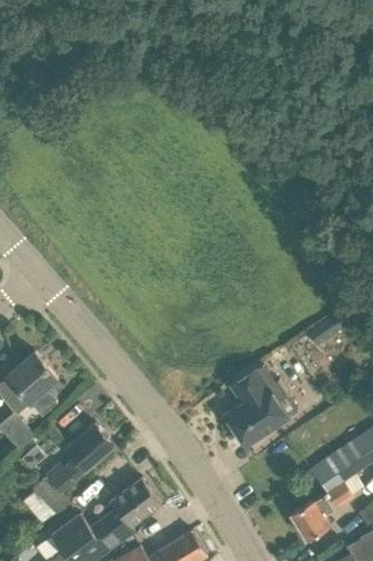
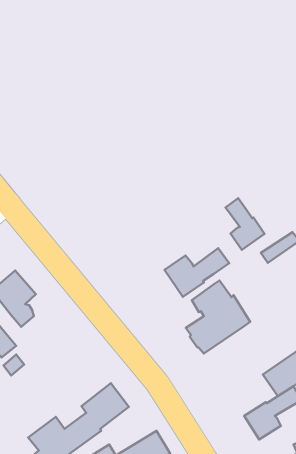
building: none -> [225,198,265,250]
building: none -> [164,248,229,297]
building: [31,425,113,517] -> none

